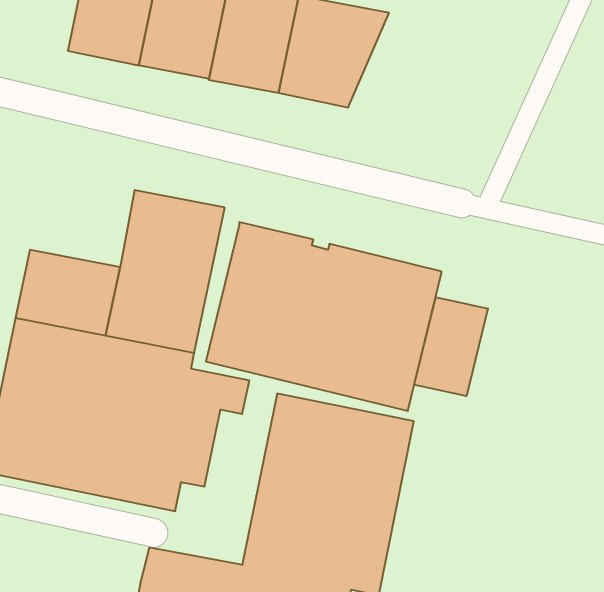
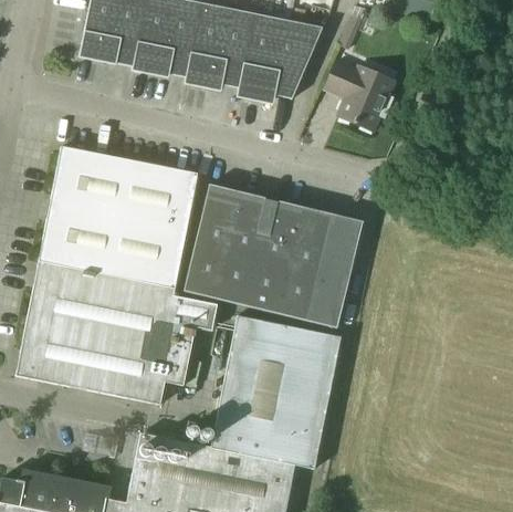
building: none -> [325,59,394,128]
building: none -> [50,146,129,219]
building: [414,297,488,396] -> none

